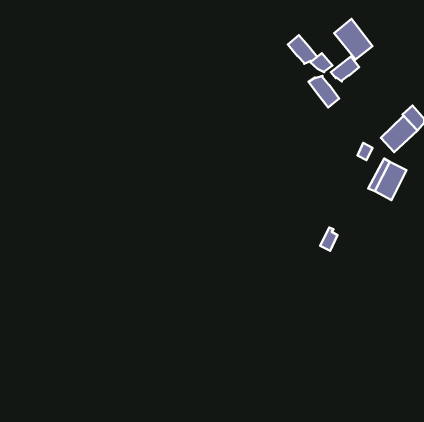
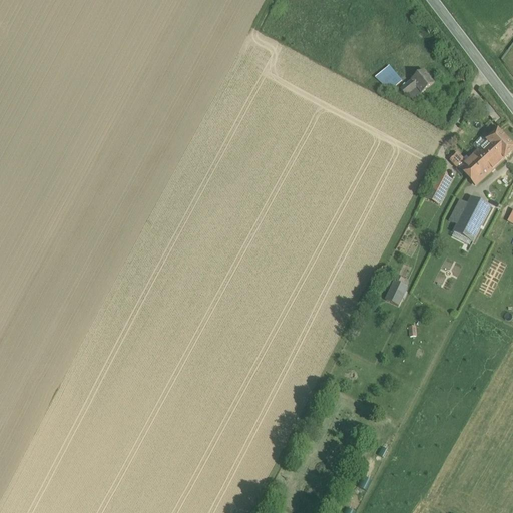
building: [334,19,373,60] -> none
building: [288,35,317,64] -> none
building: [309,76,339,107] -> none

